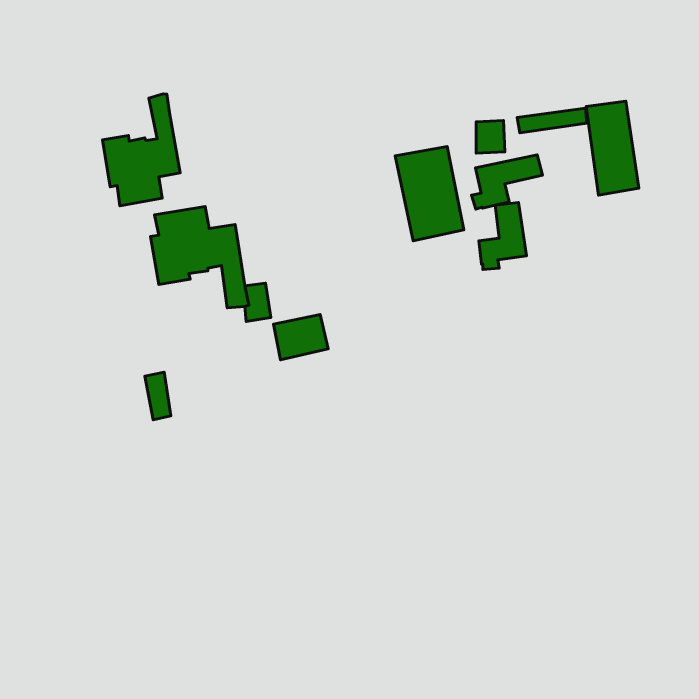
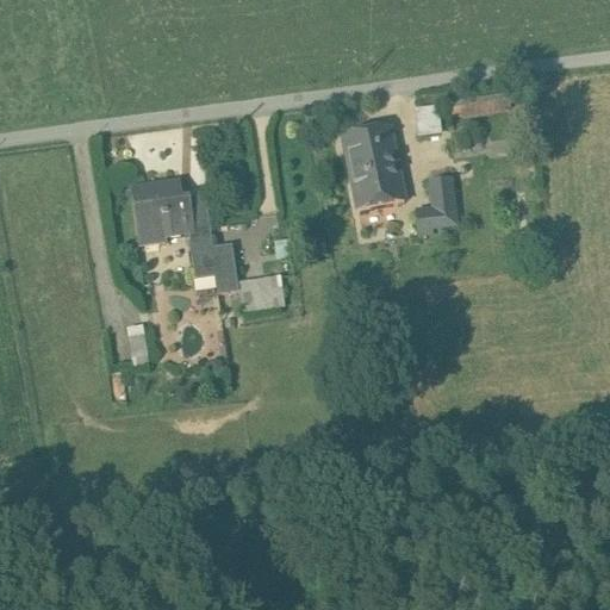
building: [102,94,180,206] -> none
building: [586,101,639,195] -> none
building: [472,155,543,209] -> none

